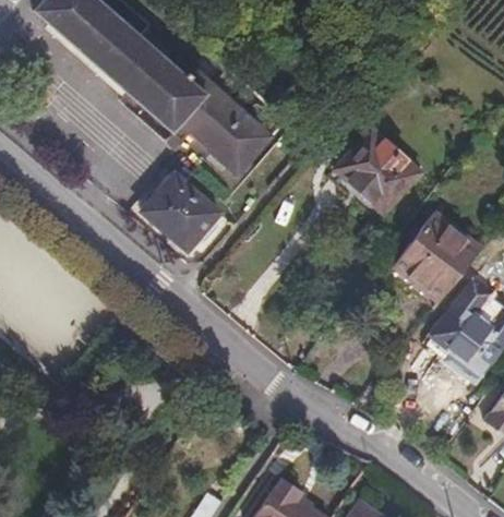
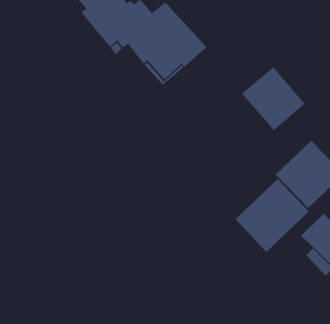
building: [145,177,218,248] -> none
building: none -> [235,178,310,253]

